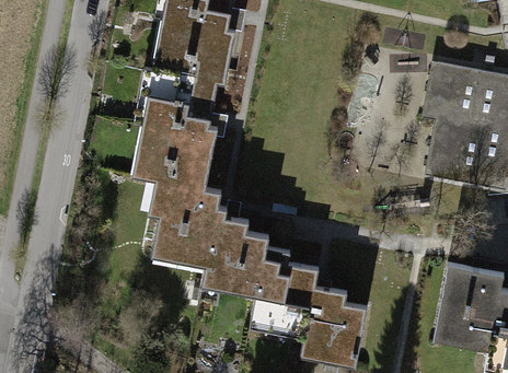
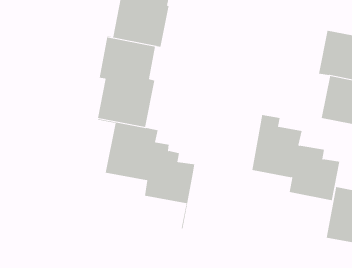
building: [251,248,365,359] -> [251,114,340,201]

